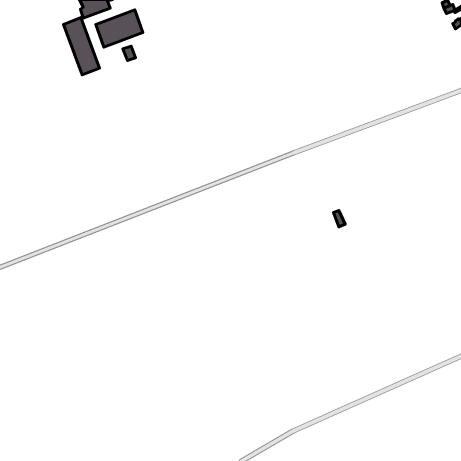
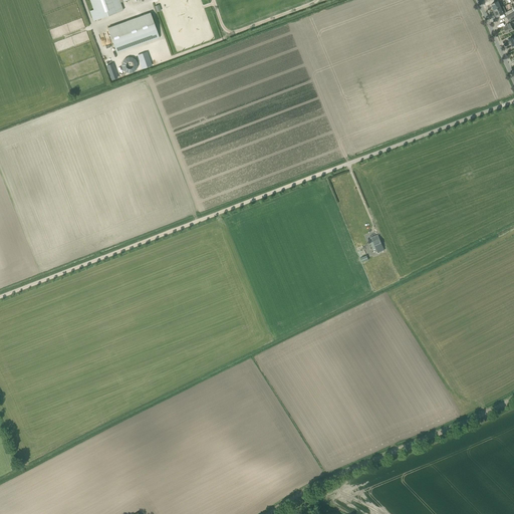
building: [63,18,100,75] -> none

